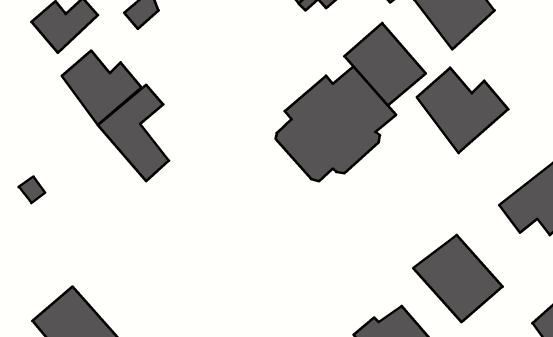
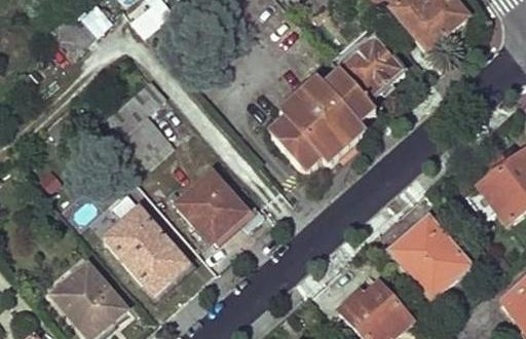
building: [62,51,141,125] -> none
building: [417,68,508,153] -> none
building: none -> [176,171,246,242]
building: none -> [101,208,180,295]

